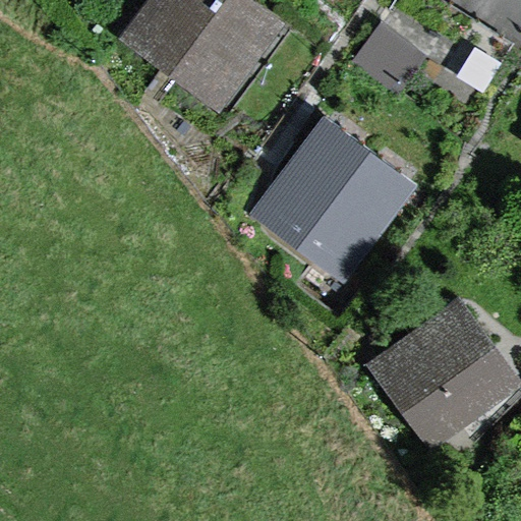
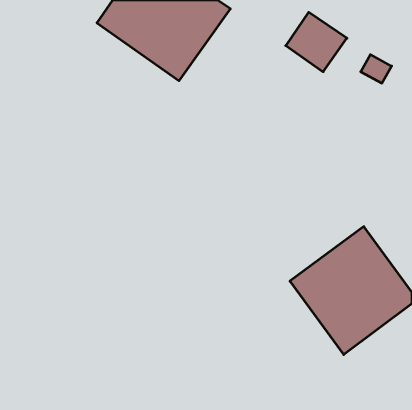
building: [259,146,395,279] -> none

